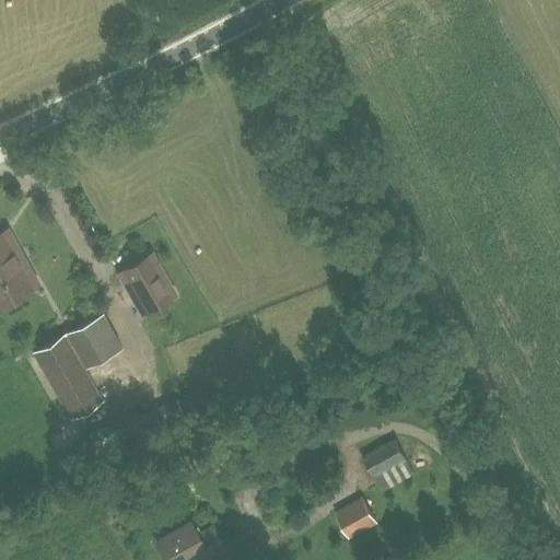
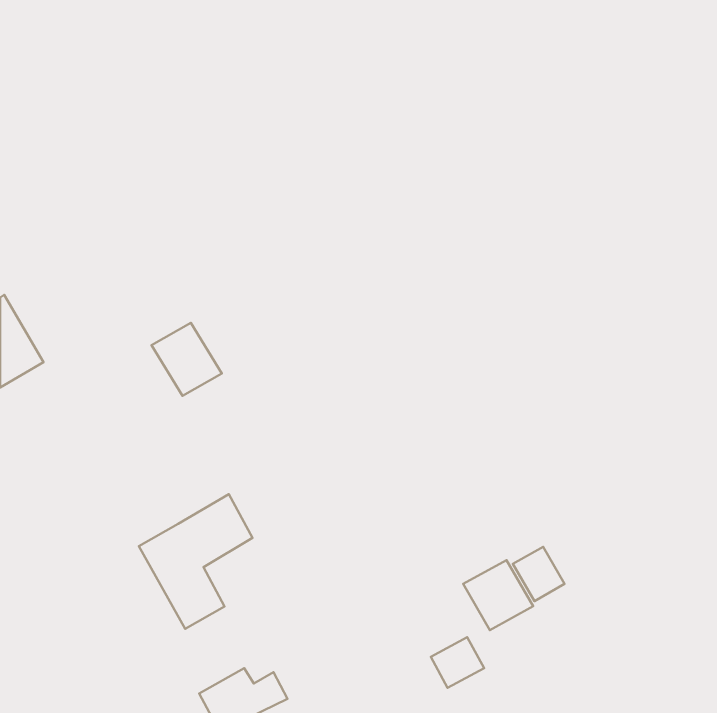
building: [33,315,121,420] -> [139,494,253,629]
building: none -> [513,547,565,601]

